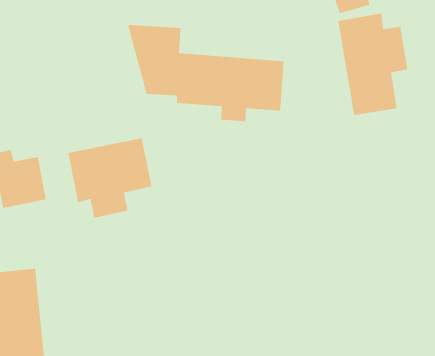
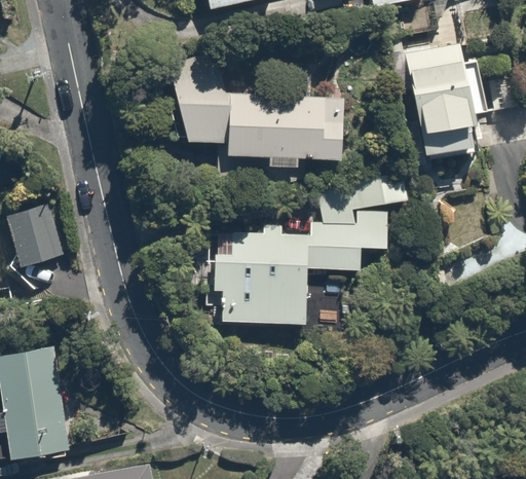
building: none -> [209,173,412,327]
building: [68,138,152,218] -> none

